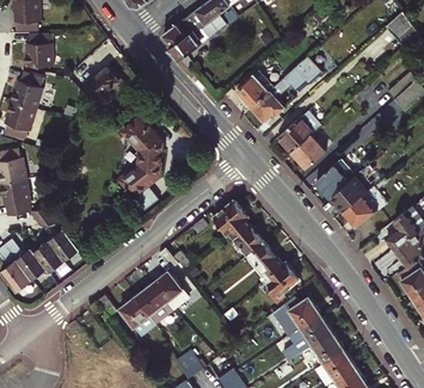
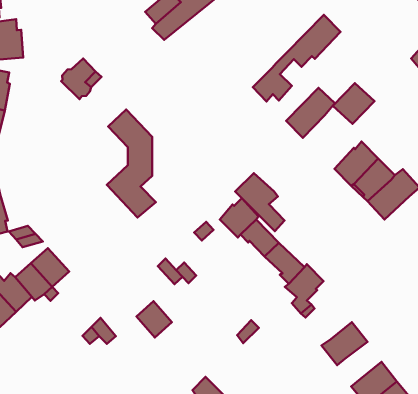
building: [234,70,271,106] -> none
building: [289,135,325,170] -> [333,83,374,124]
building: none -> [235,173,285,231]
building: [150,271,186,308] -> none
building: [118,295,155,334] -> none
building: [288,296,319,327] -> none
building: [311,332,342,363] -> none

